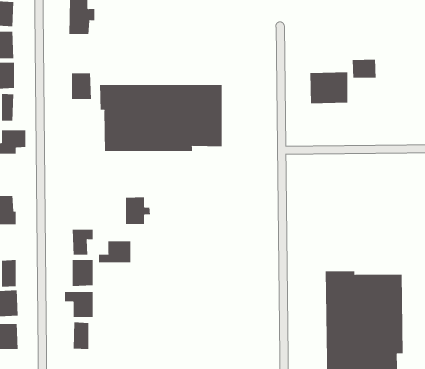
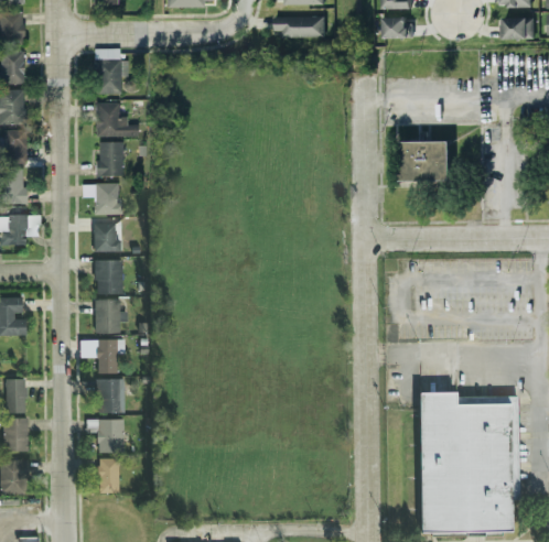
building: none -> [95,101,137,136]
building: [352,59,376,79] -> none
building: [100,84,222,152] -> none
building: none -> [80,182,123,215]
building: none -> [94,224,121,252]
building: none -> [96,260,123,294]
building: [125,197,151,224] -> [95,299,128,334]
building: [98,240,131,263] -> none

